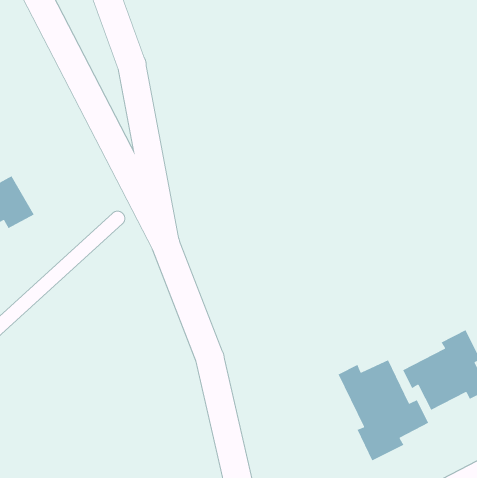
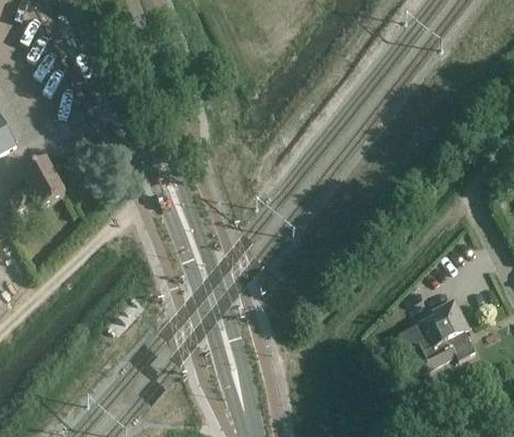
building: [338,359,429,461] -> none

